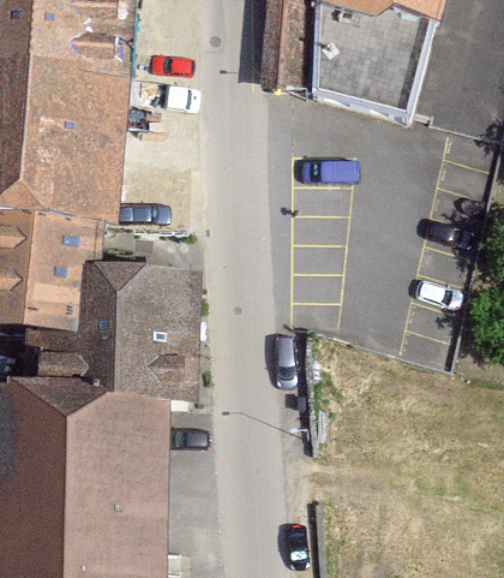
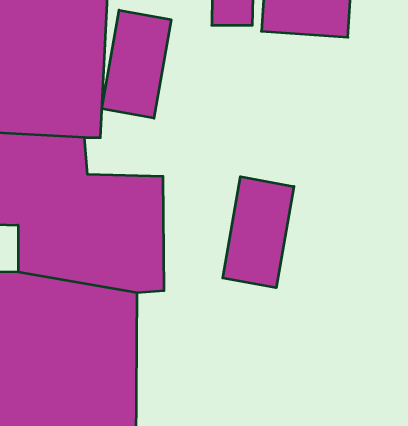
building: none -> [102,10,171,118]
building: none -> [223,177,294,288]

